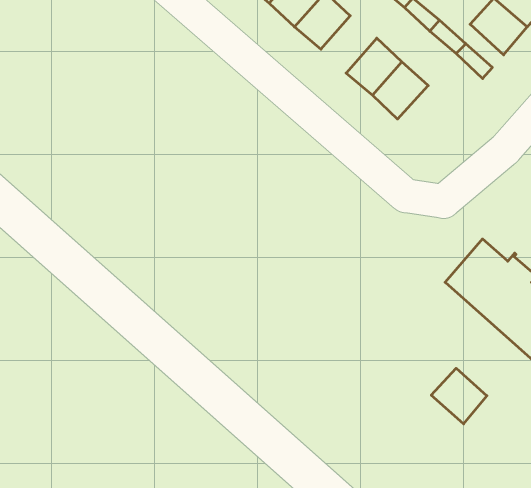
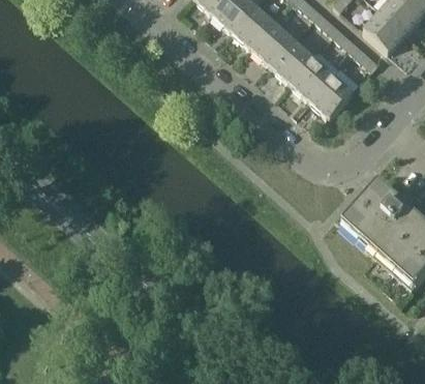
building: none -> [252,24,294,66]
building: none -> [309,76,352,118]
building: [431,368,487,424] -> none

